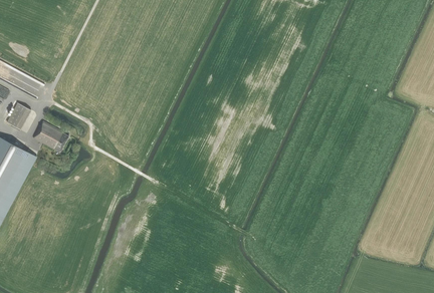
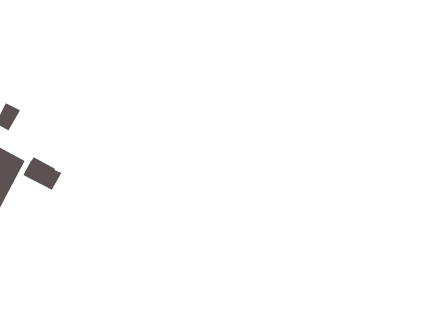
building: [33,120,69,152] -> [22,156,62,191]

